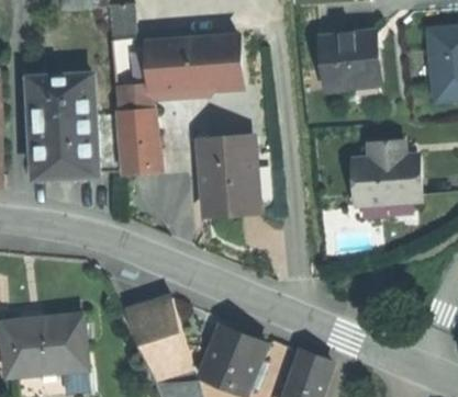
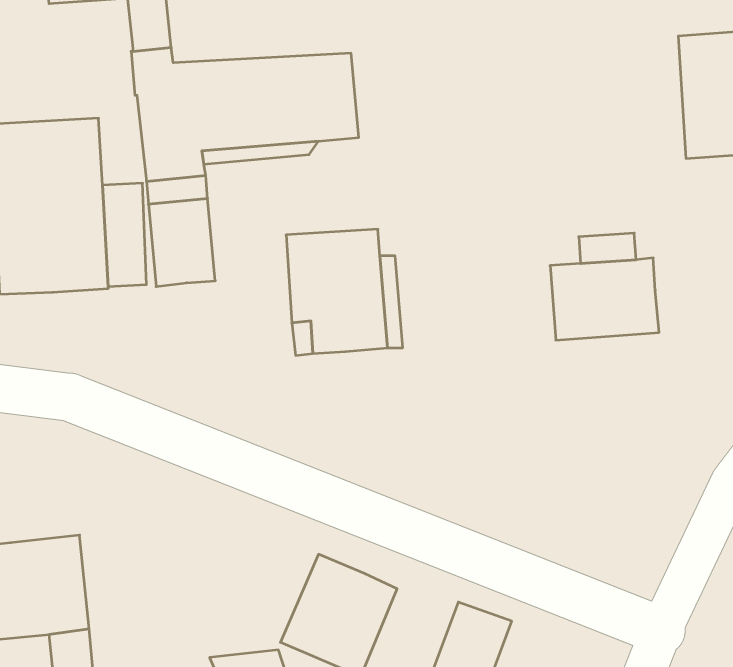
building: [316,29,378,87] -> none
building: [124,298,191,379] -> none

